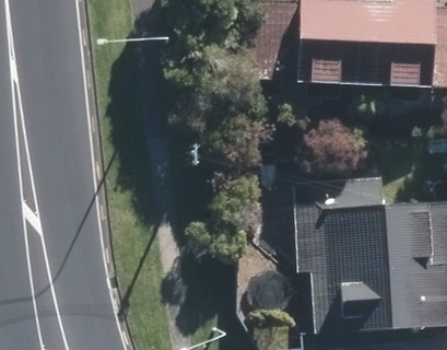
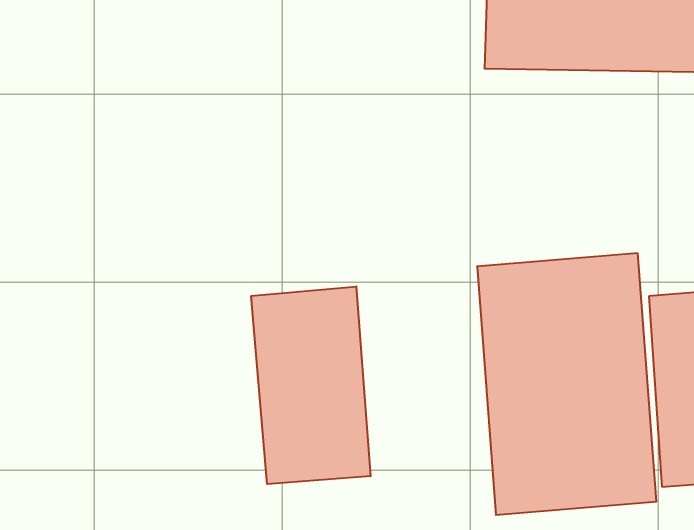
building: none -> [251,286,370,484]

